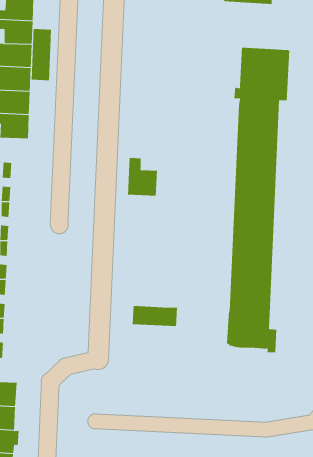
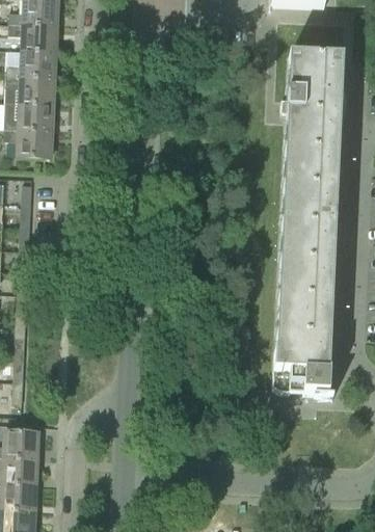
building: [31,28,52,81] -> none
building: [128,157,158,197] -> none
building: [132,305,178,327] -> none

